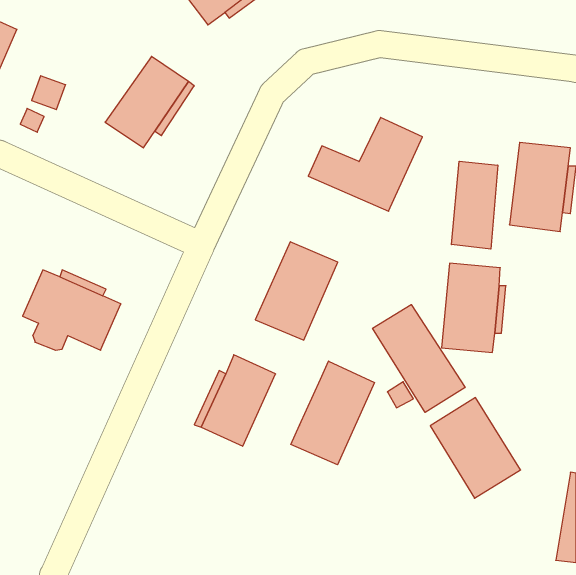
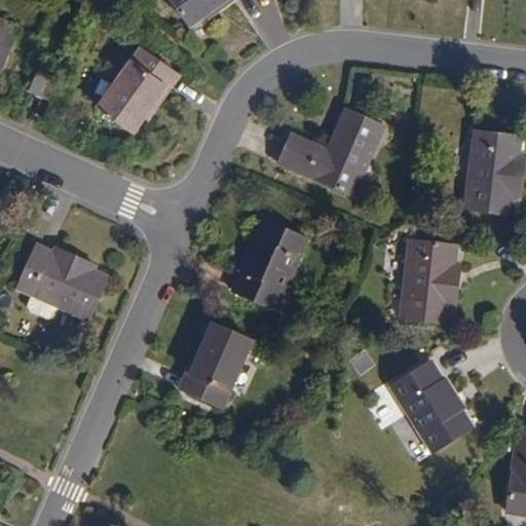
building: [451,161,498,249] -> none
building: [373,305,465,412] -> none
building: [291,361,375,465] -> none

